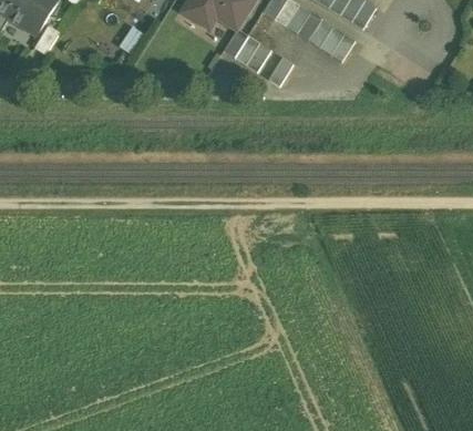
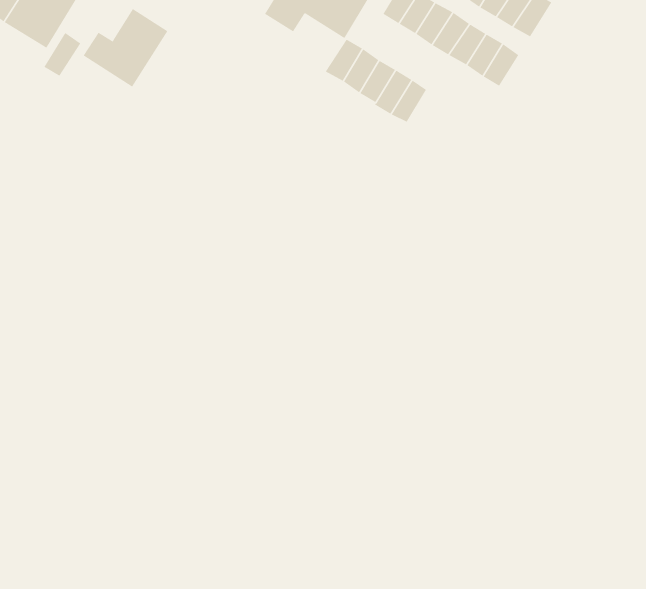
building: none -> [83,8,168,87]

